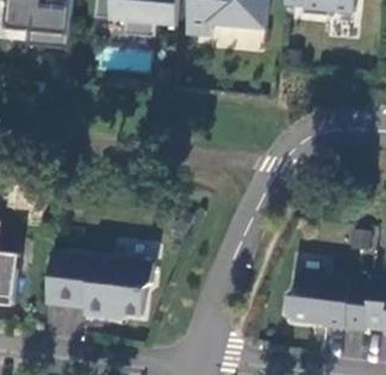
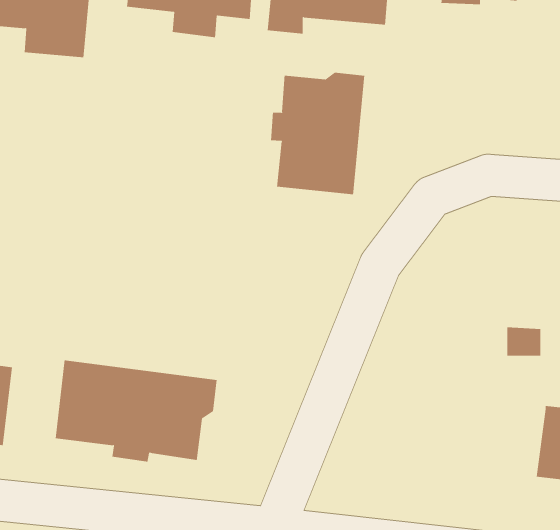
building: none -> [270,72,365,195]
building: [287,273,371,330] -> none

